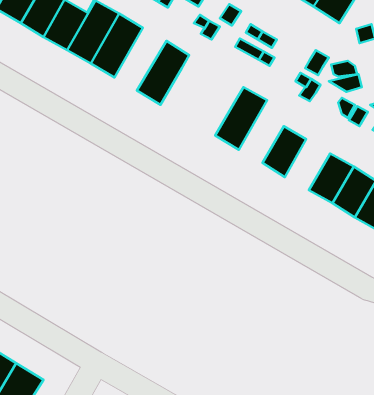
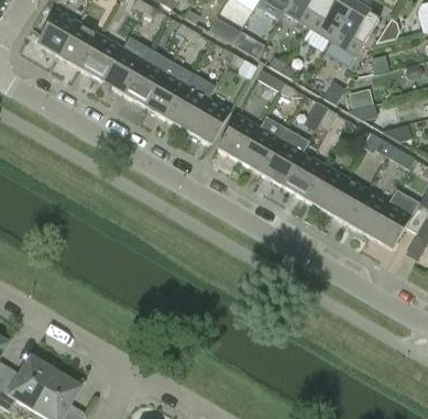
building: none -> [145,59,188,118]
building: none -> [188,97,231,143]
building: none -> [217,112,259,159]
building: none -> [261,126,308,185]
building: none -> [304,163,345,210]

